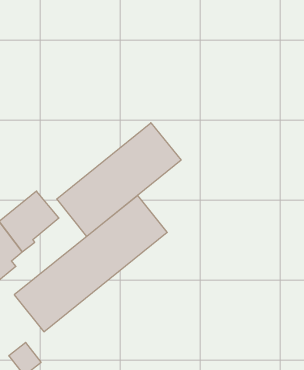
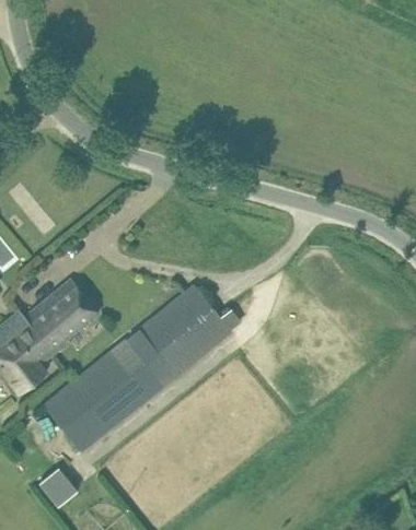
building: [57,123,181,236] -> none

